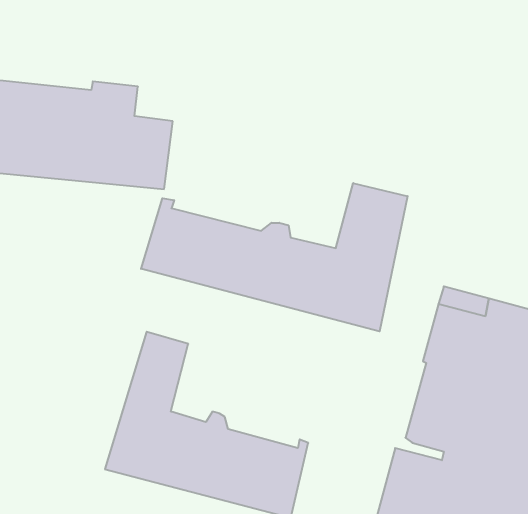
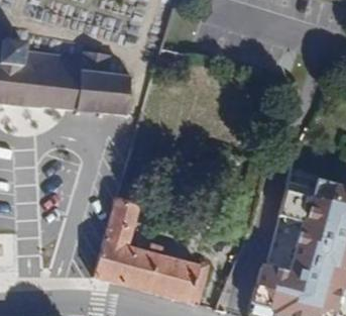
building: [141,183,408,331] -> none

